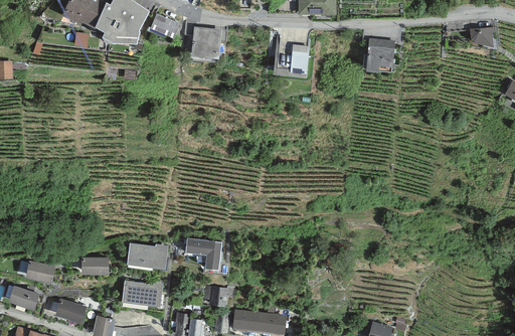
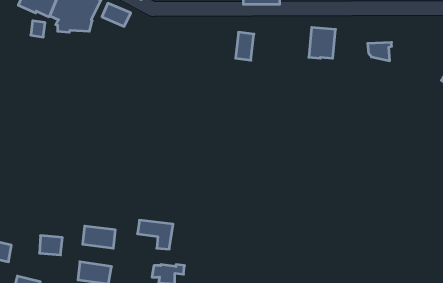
building: [191,26,221,57] -> none
building: [470,27,495,46] -> [368,42,392,61]

